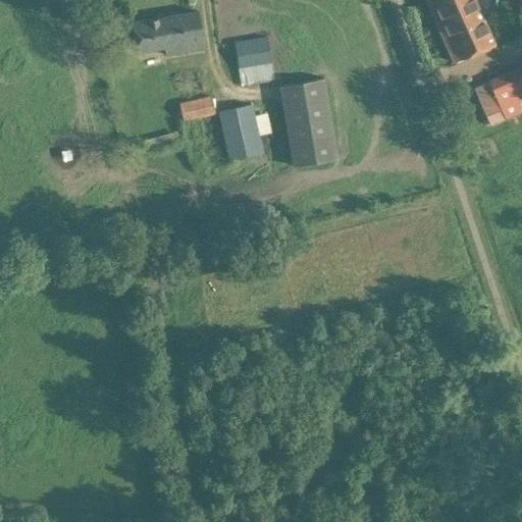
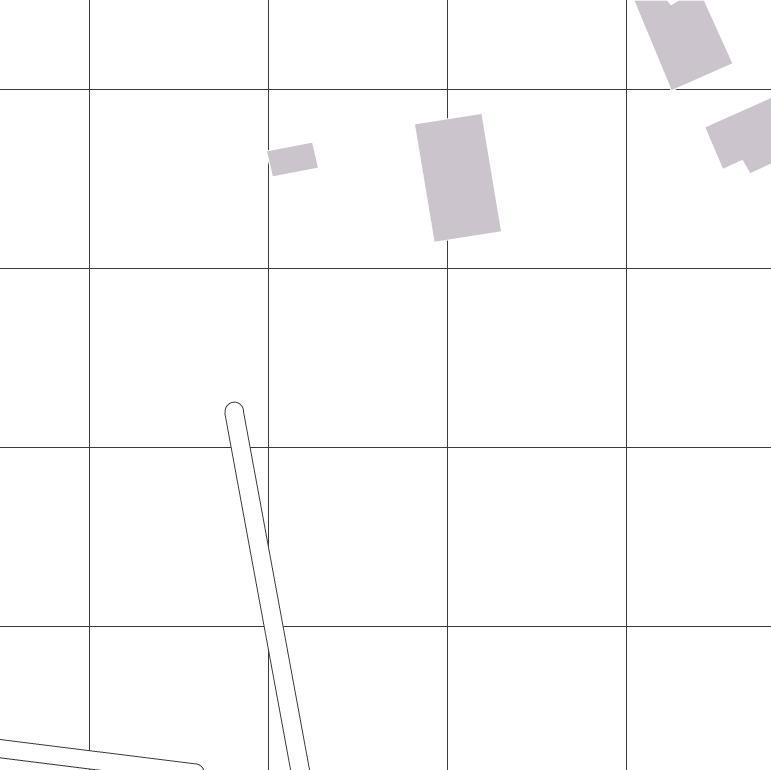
building: [134,11,207,55] -> none
building: [238,38,275,84] -> none
building: [218,106,261,162] -> none

